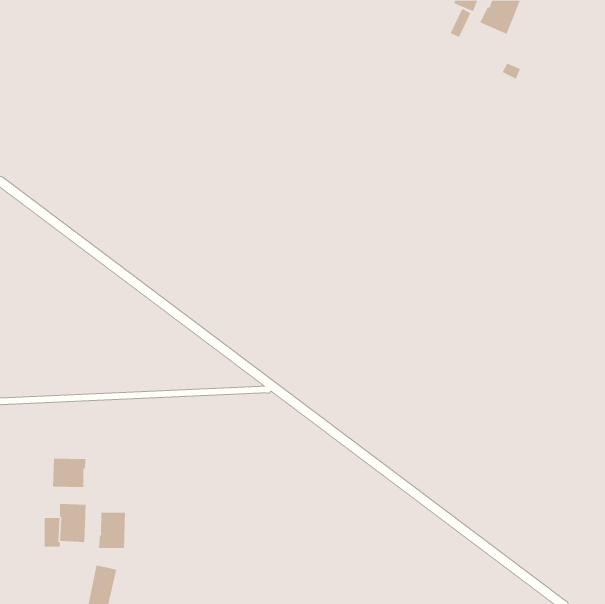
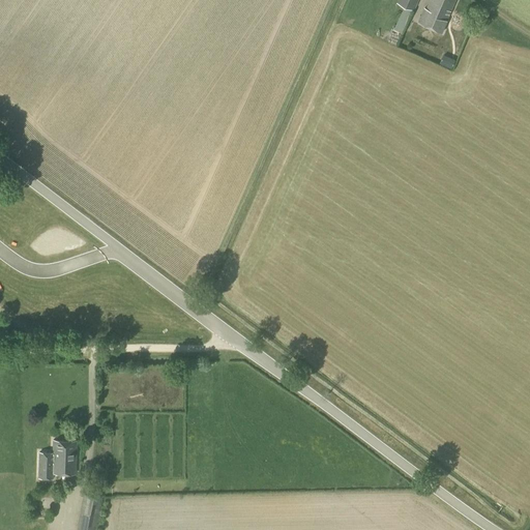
building: [52,458,86,488] -> none
building: [99,512,126,549] -> none

